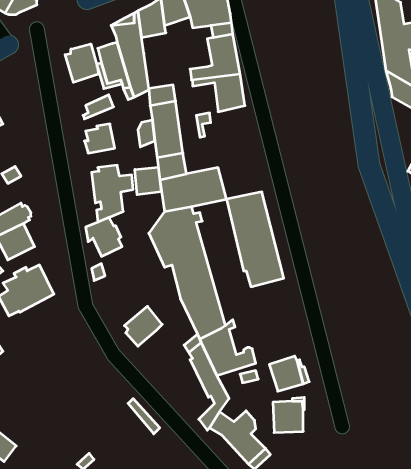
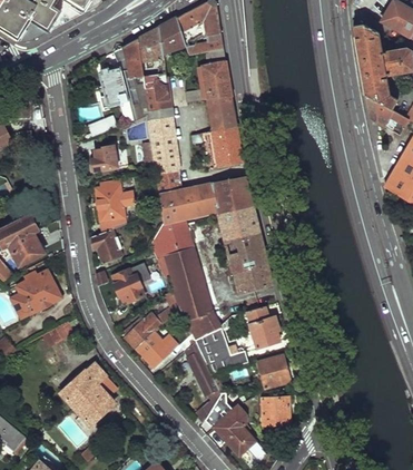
building: [65,44,99,82] -> none
building: none -> [144,75,170,110]
building: none -> [208,126,242,168]
building: none -> [212,177,252,212]
building: [135,167,161,195] -> none
building: none -> [111,263,151,301]
building: none -> [247,307,281,347]
building: none -> [138,332,177,366]
building: none -> [60,363,117,424]

